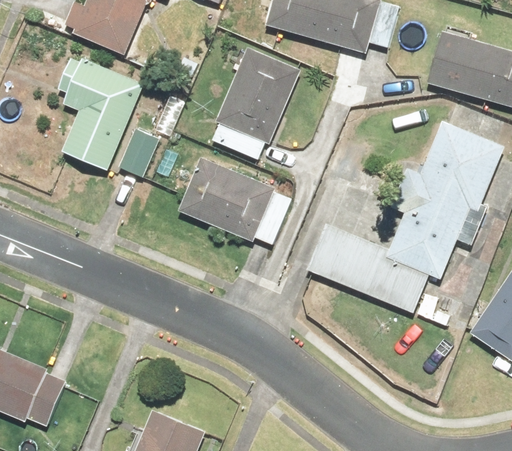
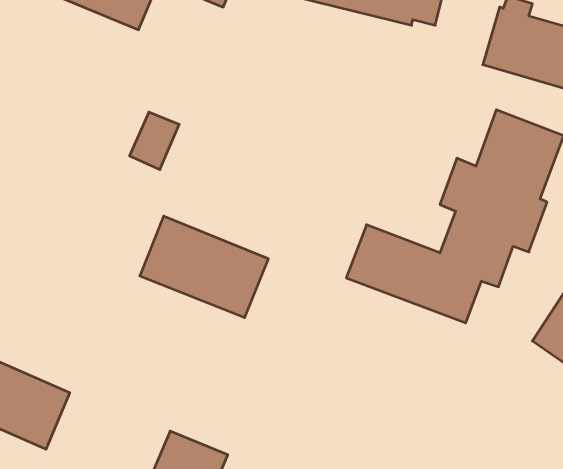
building: [213,46,297,159] -> none
building: [58,53,143,169] -> none
building: [181,158,295,248] -> [140,216,268,318]

